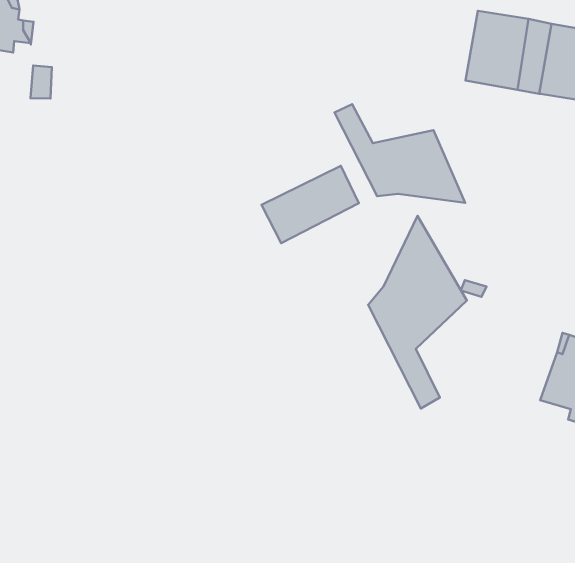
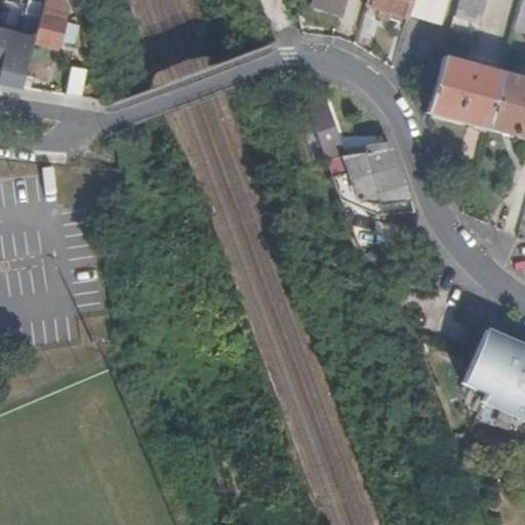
building: [262,166,359,243] -> none
building: [368,216,467,408] -> none

